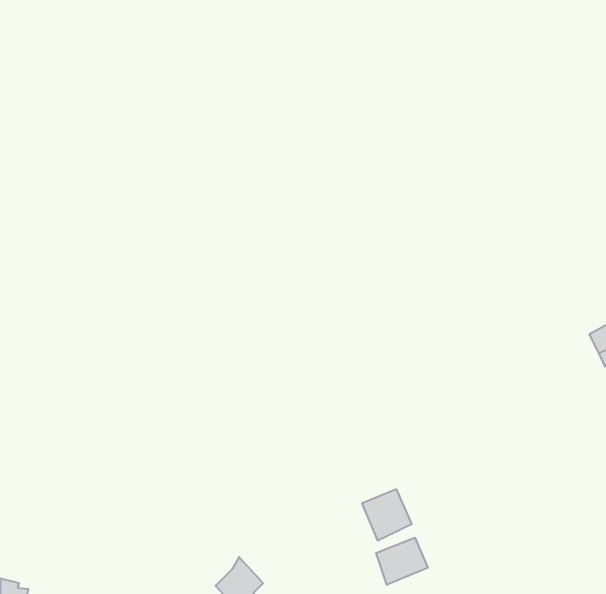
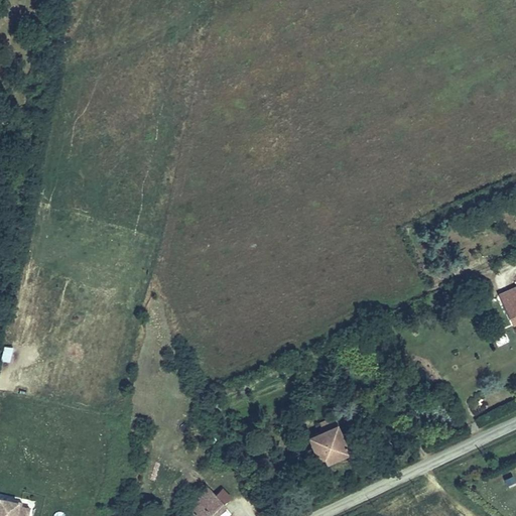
building: [376,538,428,585] -> none

